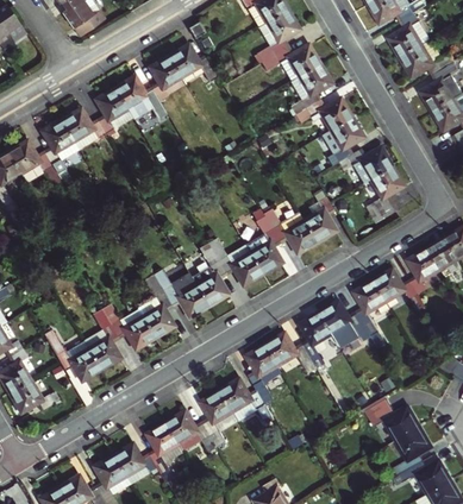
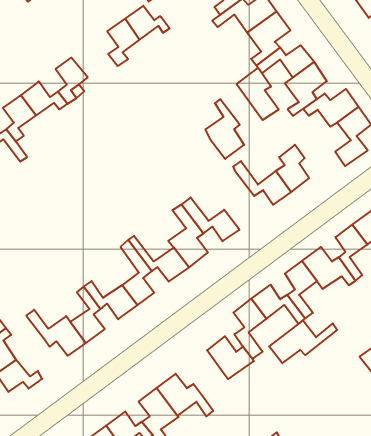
building: [112,75,165,119] -> none
building: none -> [237,68,279,120]
building: [244,215,281,275] -> [205,99,244,159]
building: none -> [269,320,337,363]
building: [198,390,230,436] -> none

